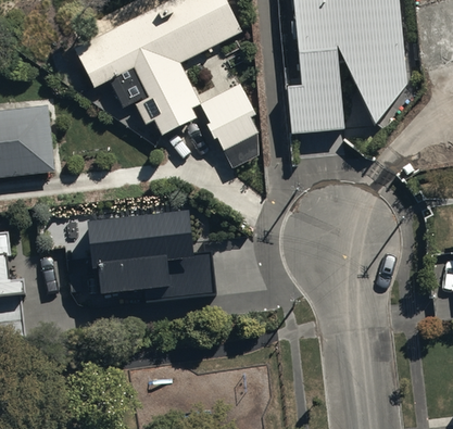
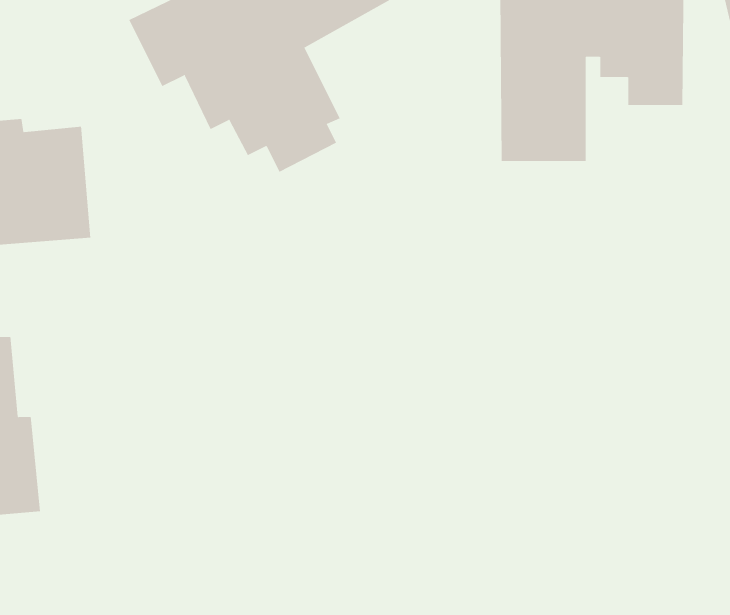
building: [202,84,260,169] -> none
building: [88,207,217,302] -> none

